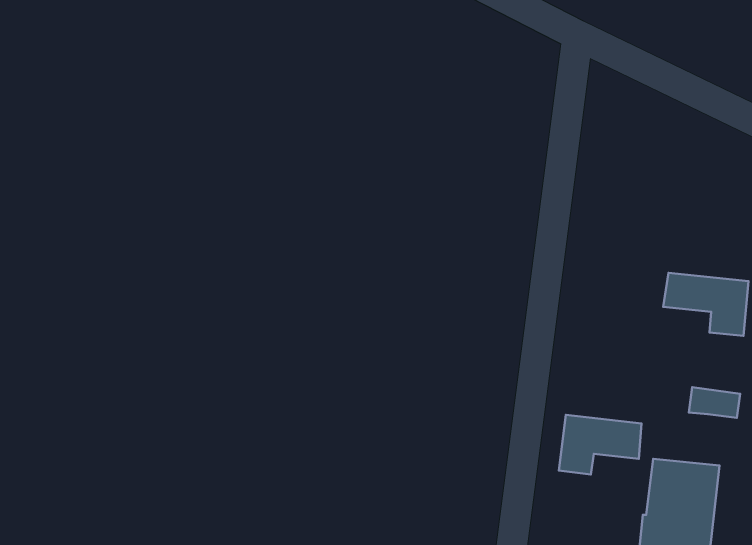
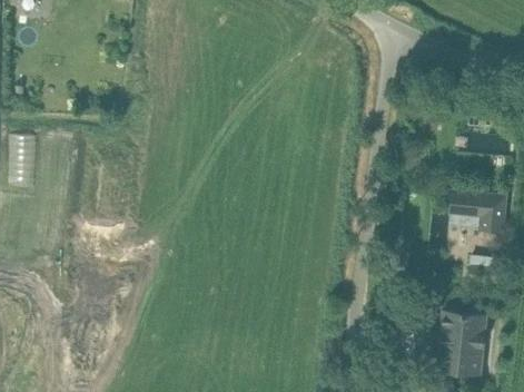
building: [559,415,642,475] -> none

